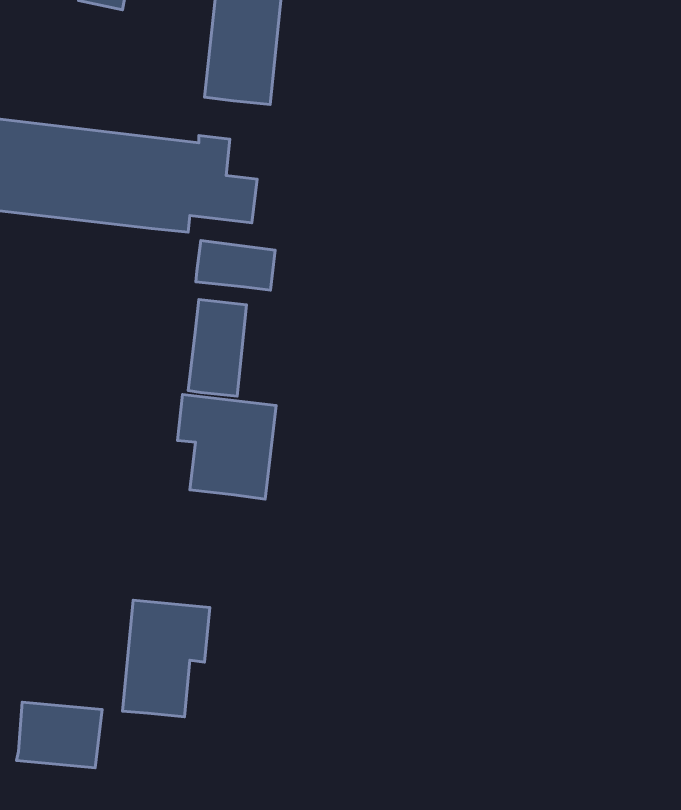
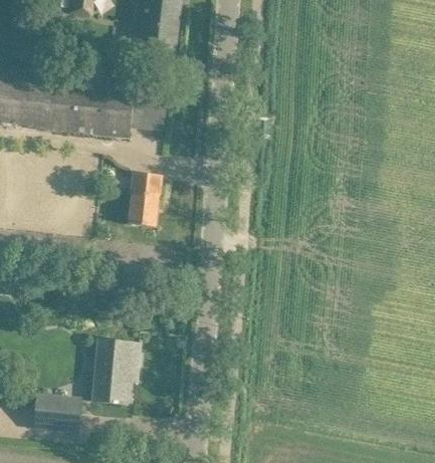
building: [196,240,275,290] -> none
building: [177,394,276,499] -> none

